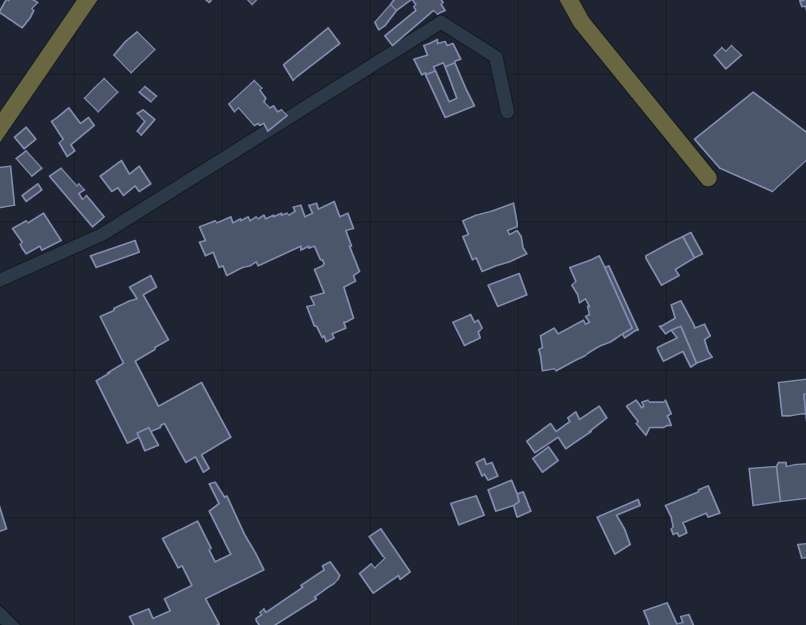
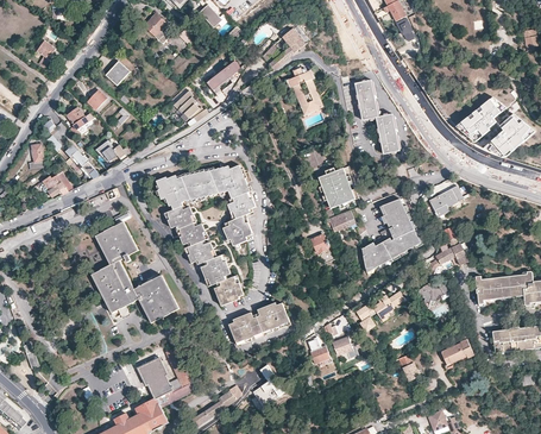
building: none -> [354,80,400,153]
building: none -> [162,205,241,306]
building: none -> [476,273,511,303]
building: none -> [226,302,288,345]

